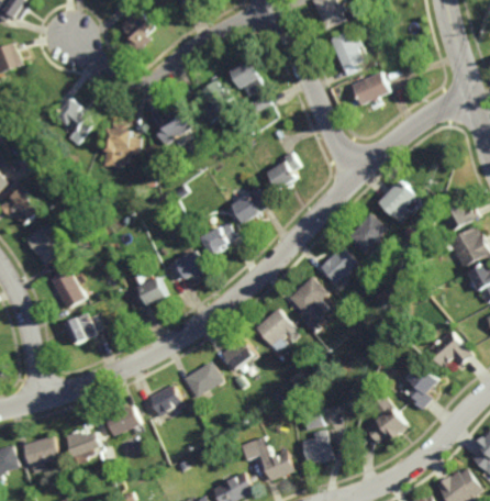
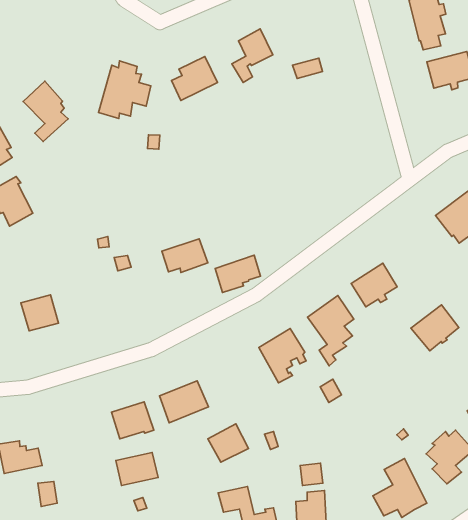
building: [230,58,260,94] -> none
building: [54,97,91,144] -> [23,81,68,142]
building: [268,152,299,189] -> none
building: [233,187,269,223] -> none
building: [348,213,386,250] -> [411,305,459,351]
building: [202,222,238,255] -> [215,255,261,292]
building: [49,268,85,308] -> none
building: [132,278,167,309] -> none
building: [222,338,255,370] -> [208,424,249,462]
building: [105,405,141,435] -> [116,453,158,486]

